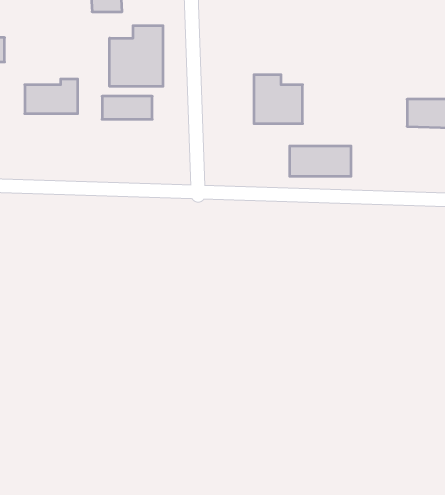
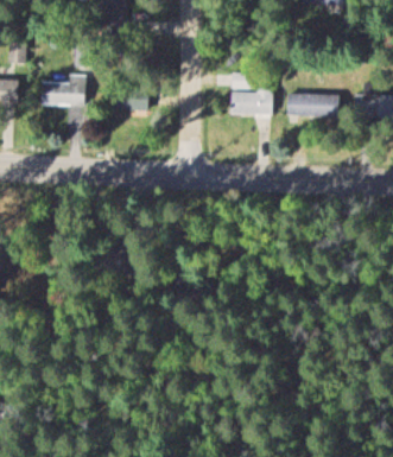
building: [110,26,163,86] -> none
building: [290,146,351,176] -> [287,94,338,119]

